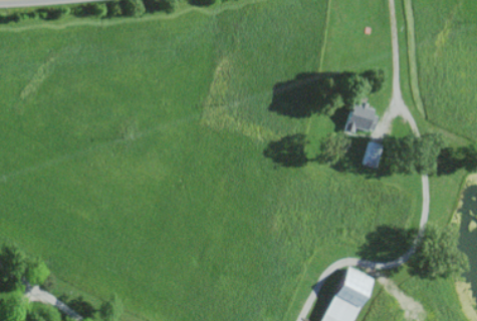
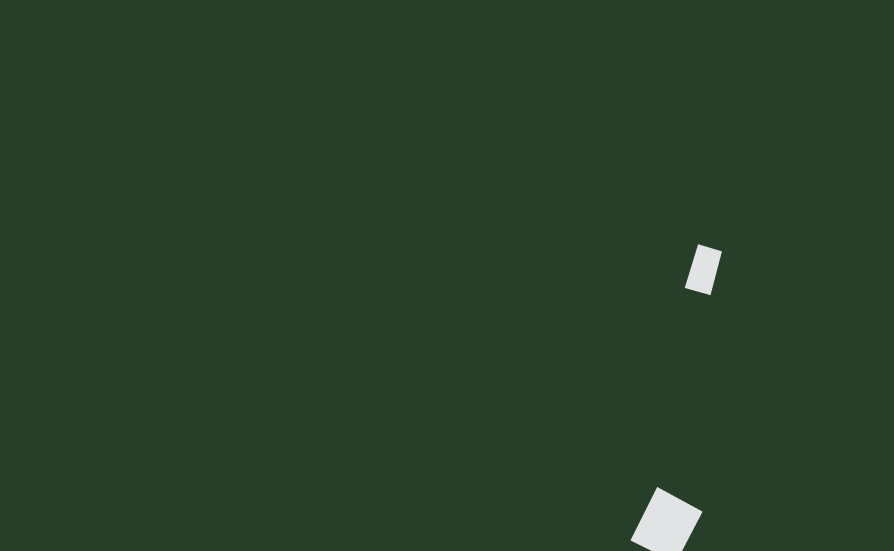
building: [346,104,375,132] -> none

